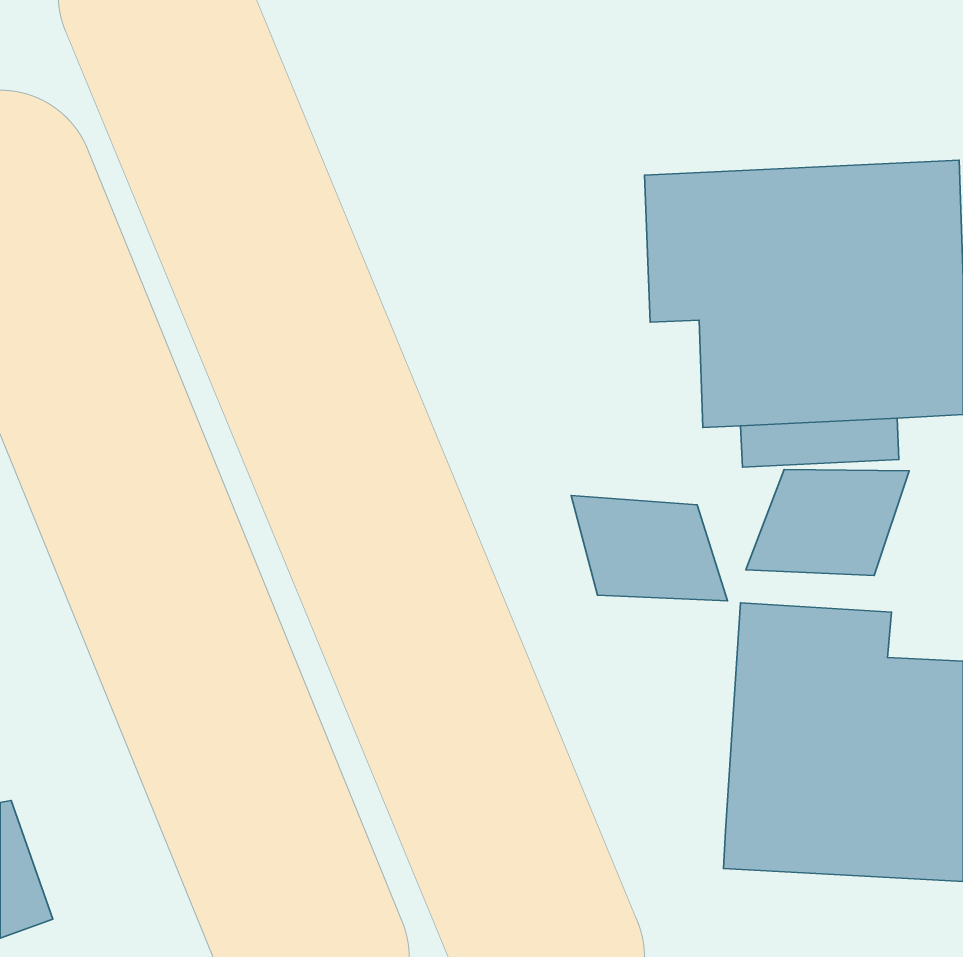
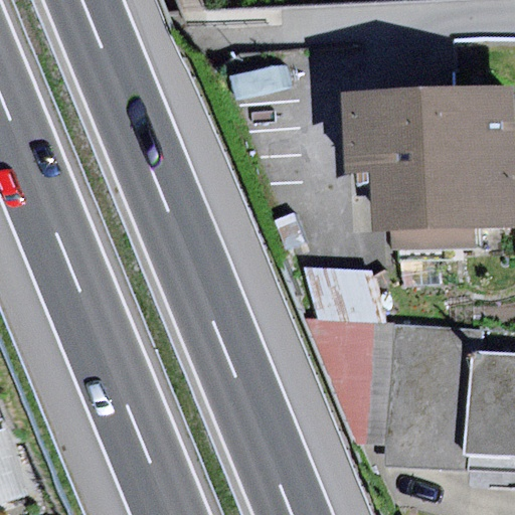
building: [746,470,909,575] -> none
building: none -> [308,318,395,444]

